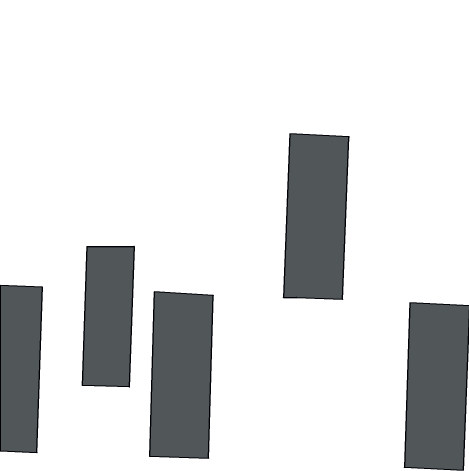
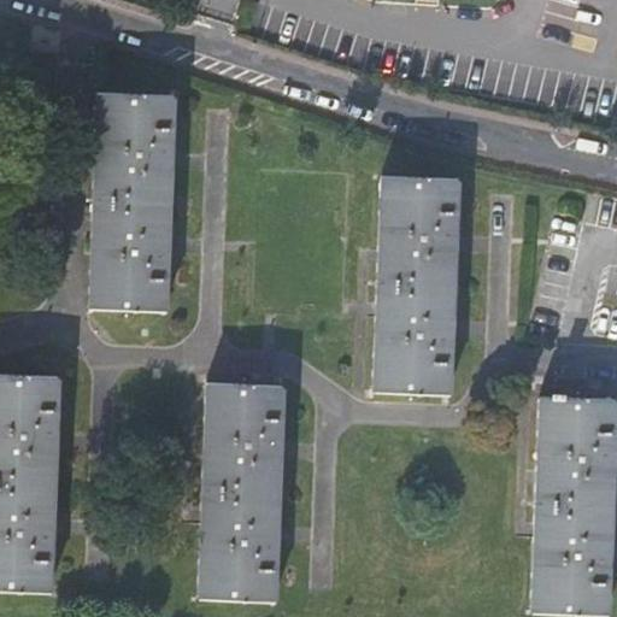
building: none -> [89,93,175,308]
building: [82,246,134,387] -> none

